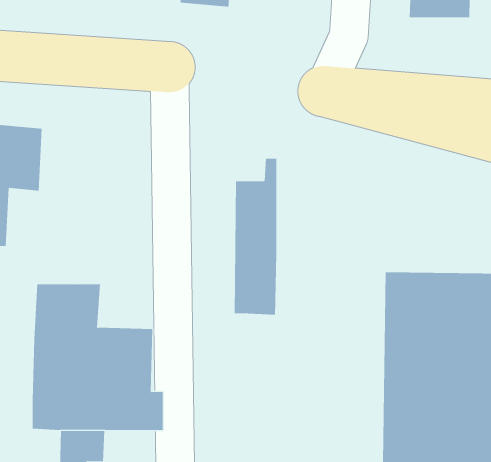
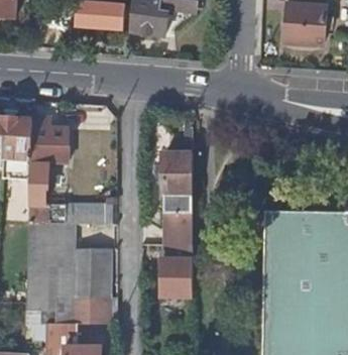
building: none -> [30,118,112,223]
building: none -> [161,243,192,297]

